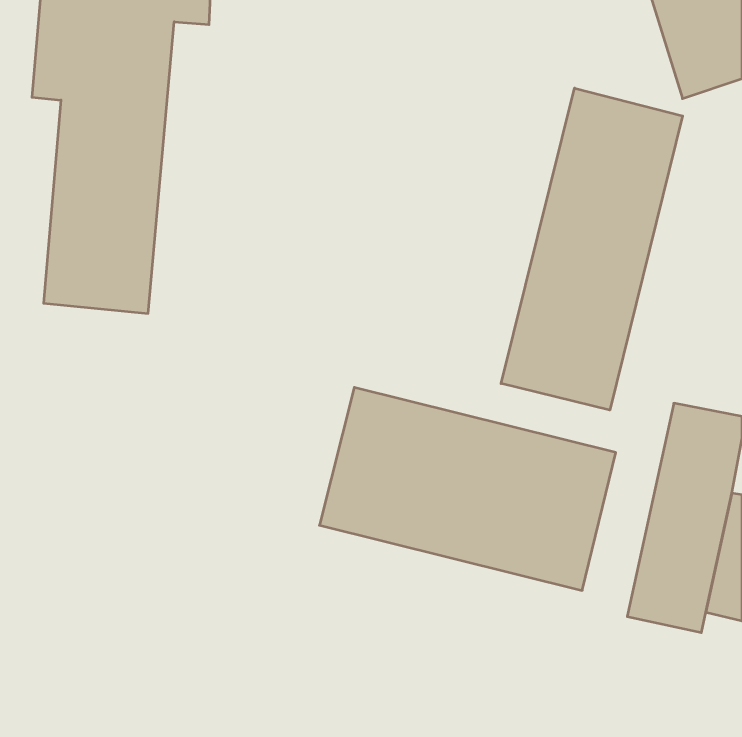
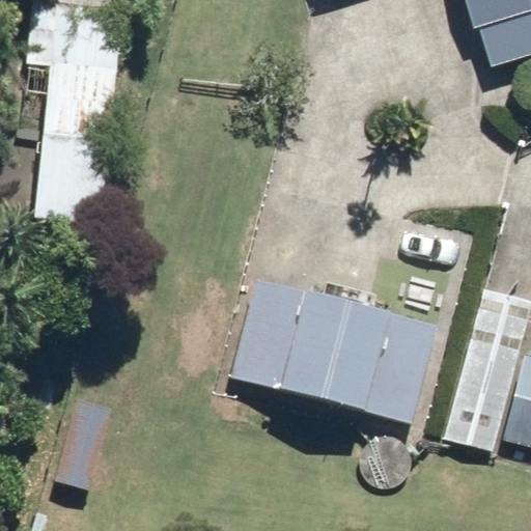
building: [501,88,683,410] -> none

